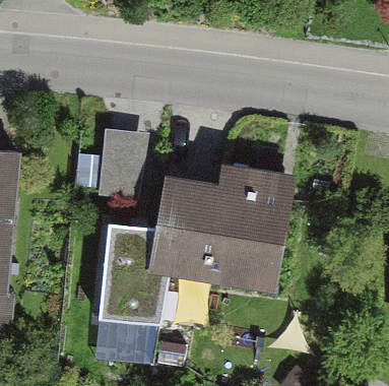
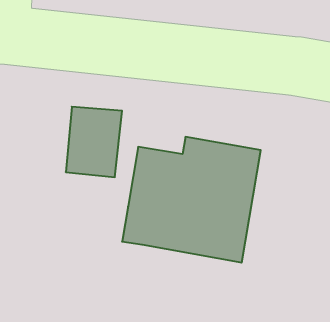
building: [99,227,174,330] -> none

